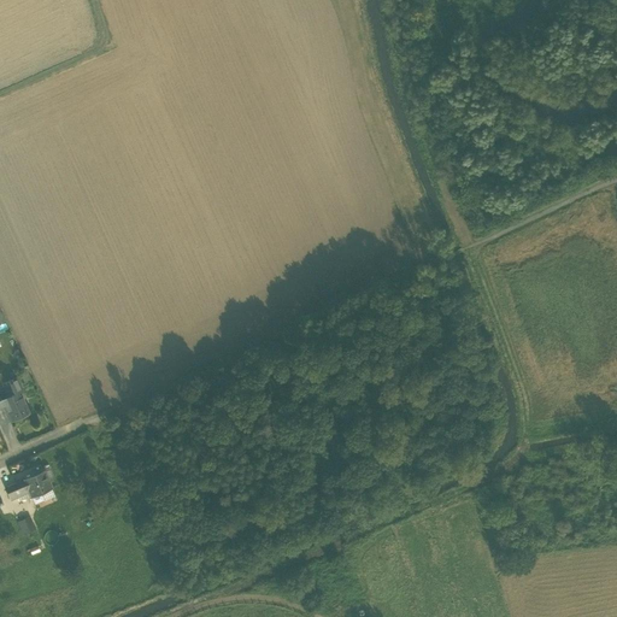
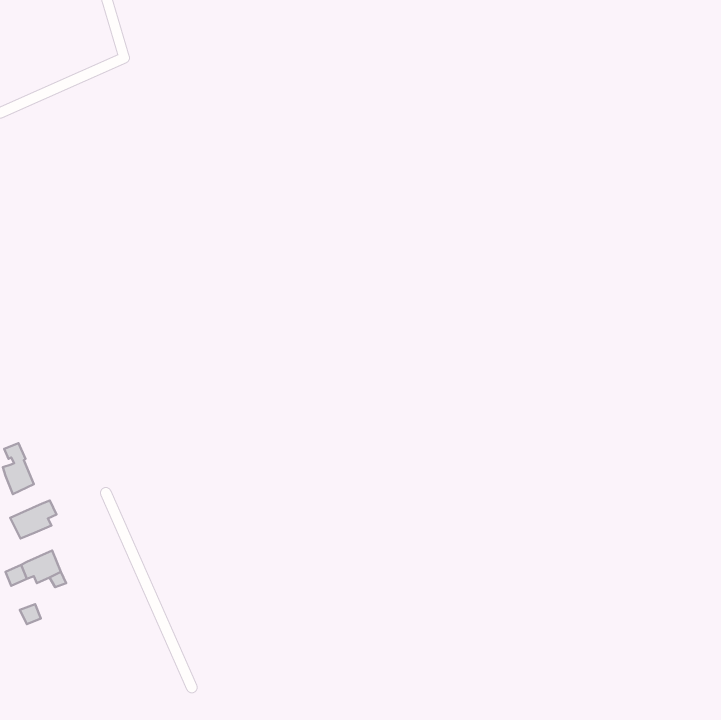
building: none -> [10,501,57,539]

